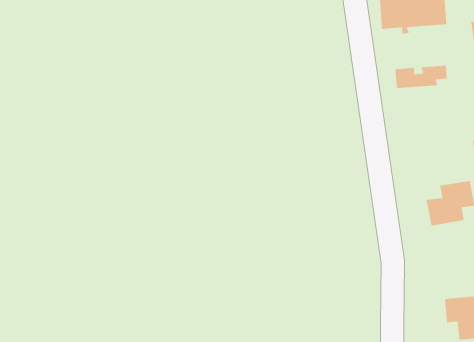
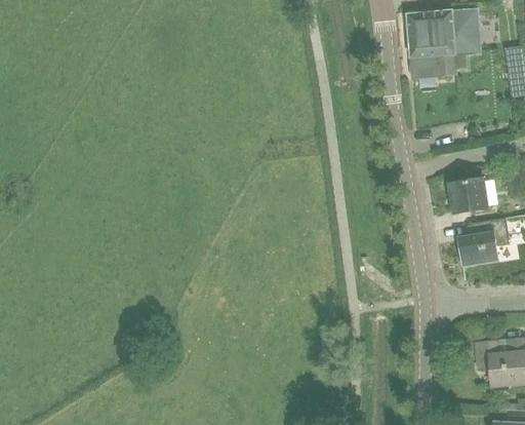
building: [394,65,448,89] -> [410,52,467,77]
building: none -> [449,178,487,212]

